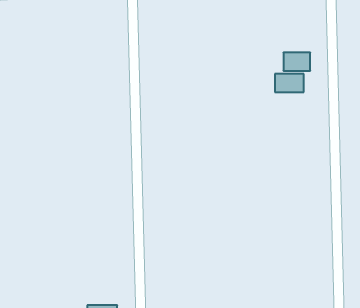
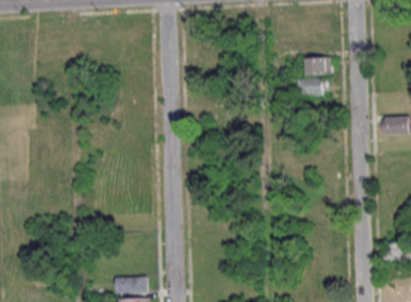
building: none -> [114,277,145,294]

